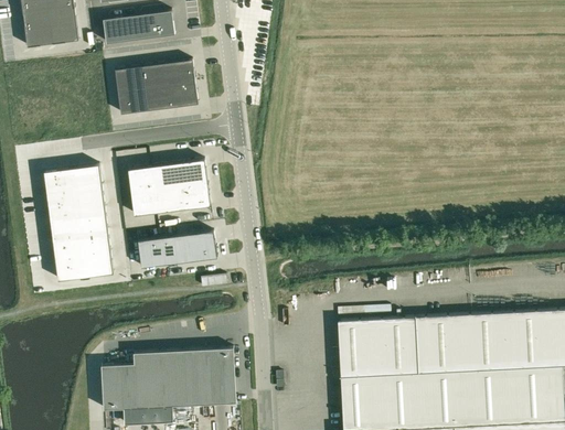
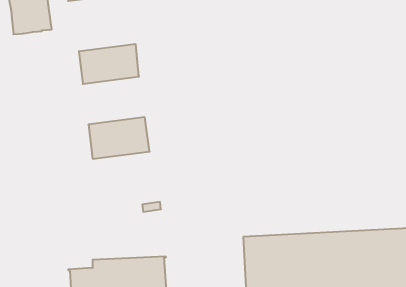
building: [103,11,172,44] -> none
building: [43,164,114,281] -> none
building: [137,232,217,268] -> none

